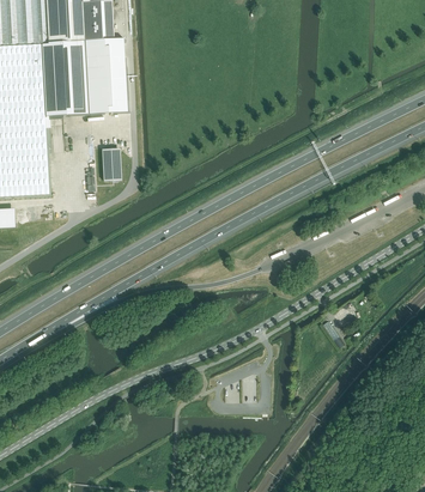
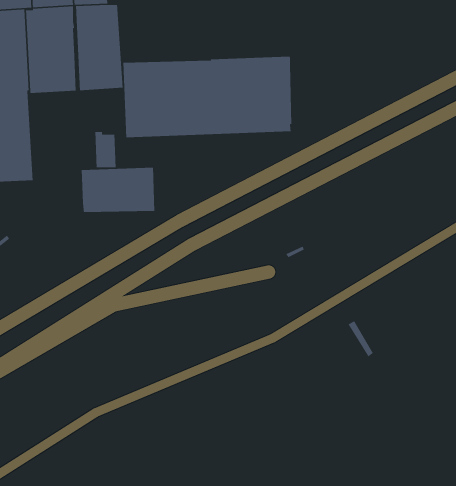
building: none -> [122,50,292,138]
building: none -> [81,167,155,213]

